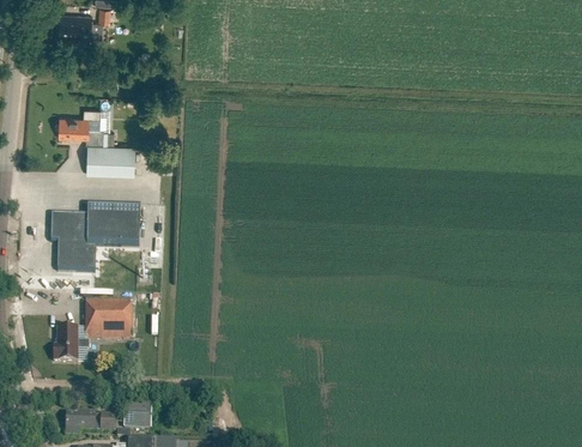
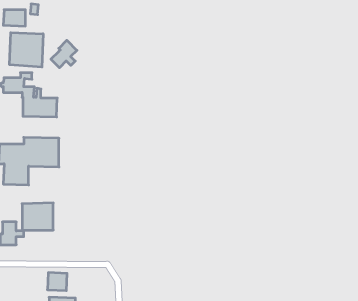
building: none -> [10,33,43,67]
building: none -> [51,40,77,68]
building: [65,411,114,434] -> none

